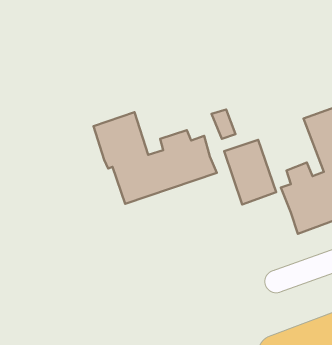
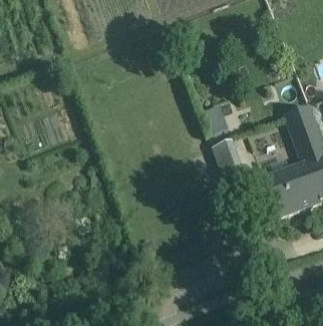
building: [93,112,217,204] -> none

